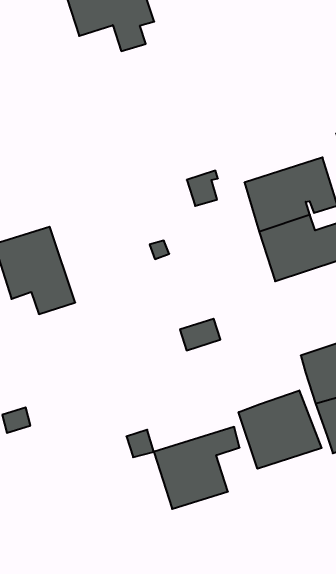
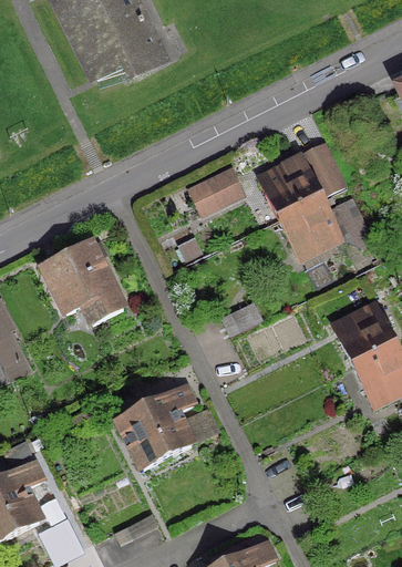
building: [239,390,322,469] -> none
building: [154,427,240,509] -> [117,384,194,466]

